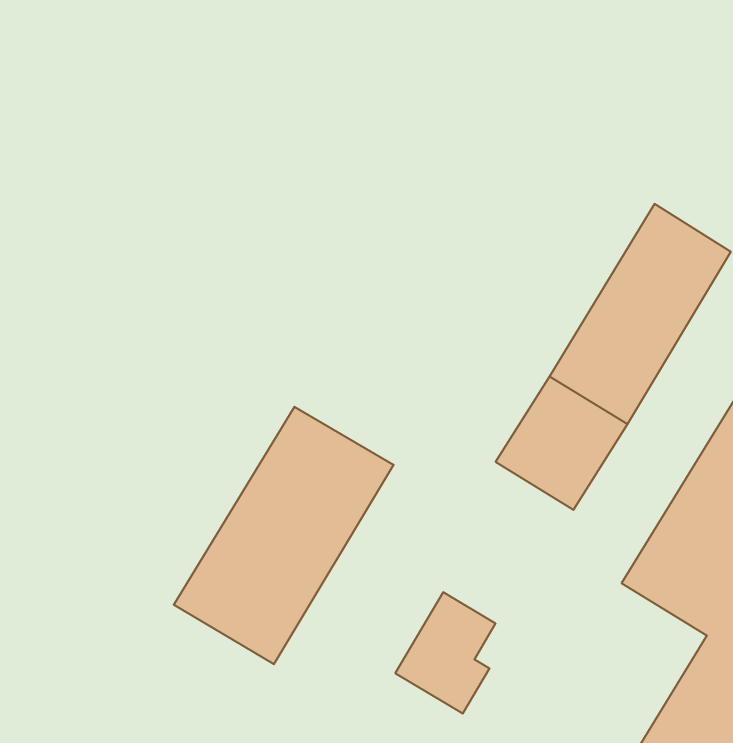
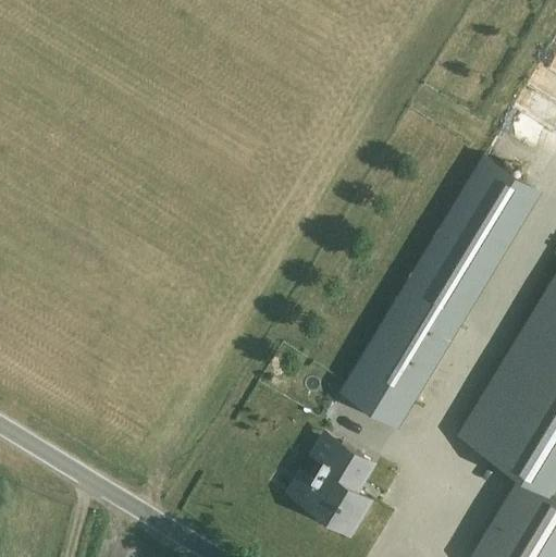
building: [174,407,394,664] -> none
building: none -> [341,346,425,425]

